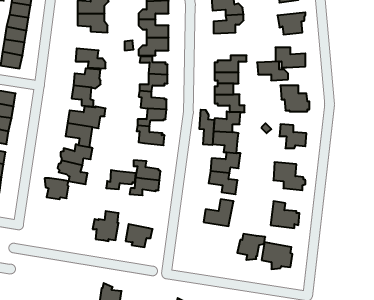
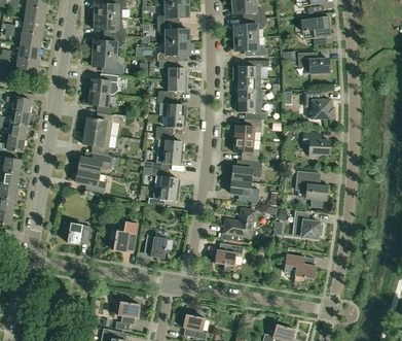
building: none -> [94,36,125,56]
building: [257,61,288,80] -> [234,37,266,57]
building: [199,110,214,145] -> none
building: [106,170,136,189] -> [152,150,183,170]
building: [45,178,69,199] -> [65,223,89,244]
building: [237,234,265,260] -> [214,243,243,270]

